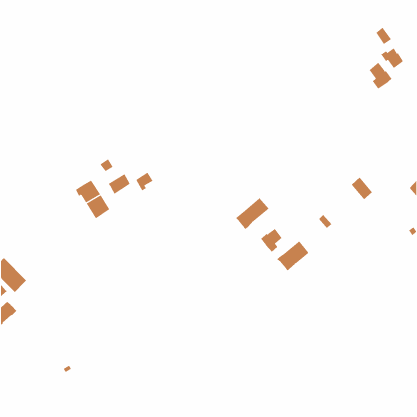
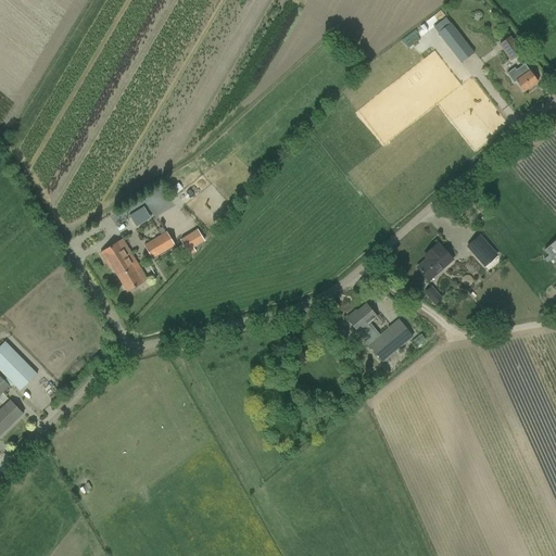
building: none -> [438,23,473,62]
building: [369,62,392,90] -> none
building: none -> [417,243,453,279]
building: [235,197,269,230] -> none

